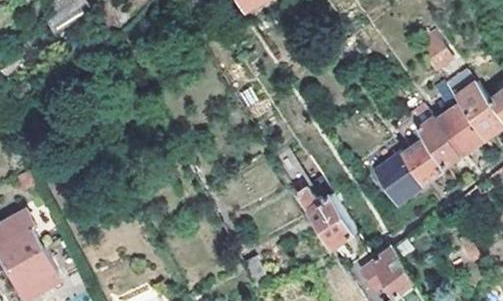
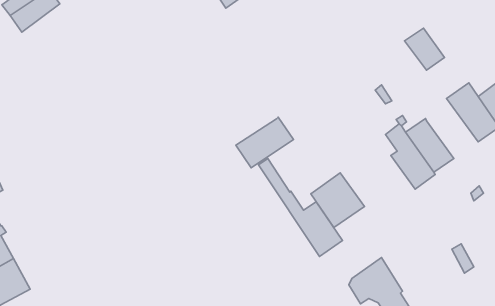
building: [433,81,484,155] -> none
building: none -> [236,117,294,168]
building: [373,152,424,204] -> [311,173,364,227]

